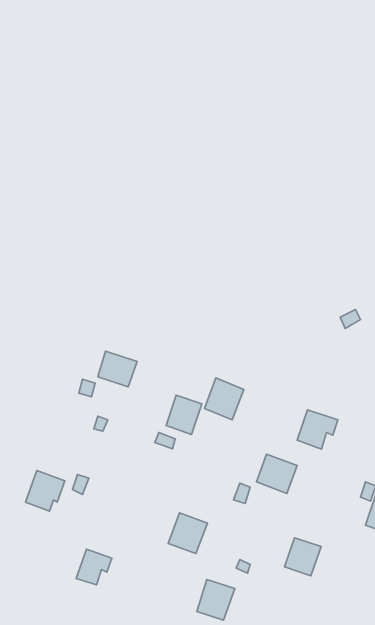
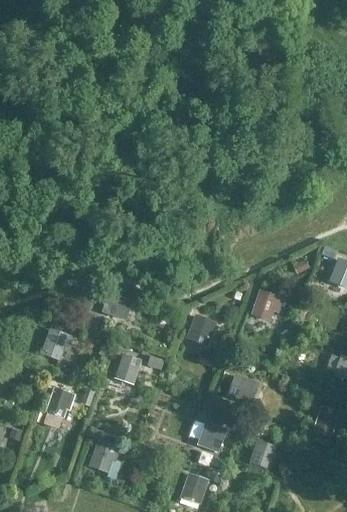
building: [166,395,202,434] -> [114,353,142,384]
building: none -> [41,327,73,360]
building: [297,410,338,449] -> [252,289,284,320]
building: [168,513,207,554] -> [197,420,228,452]

